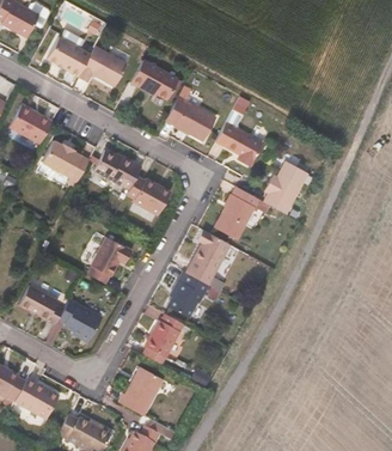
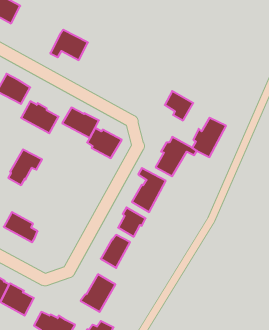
building: [48,36,91,75] -> none
building: [133,59,179,98] -> none
building: [166,81,219,139] -> none
building: [87,234,131,281] -> [8,149,42,185]
building: [59,298,100,341] -> none

